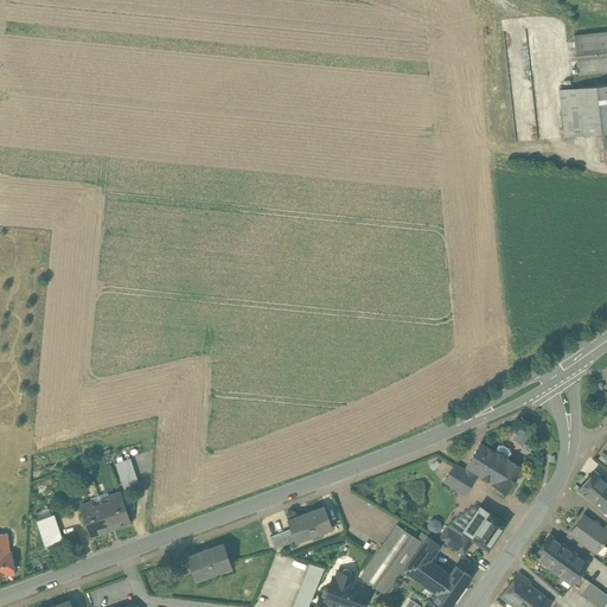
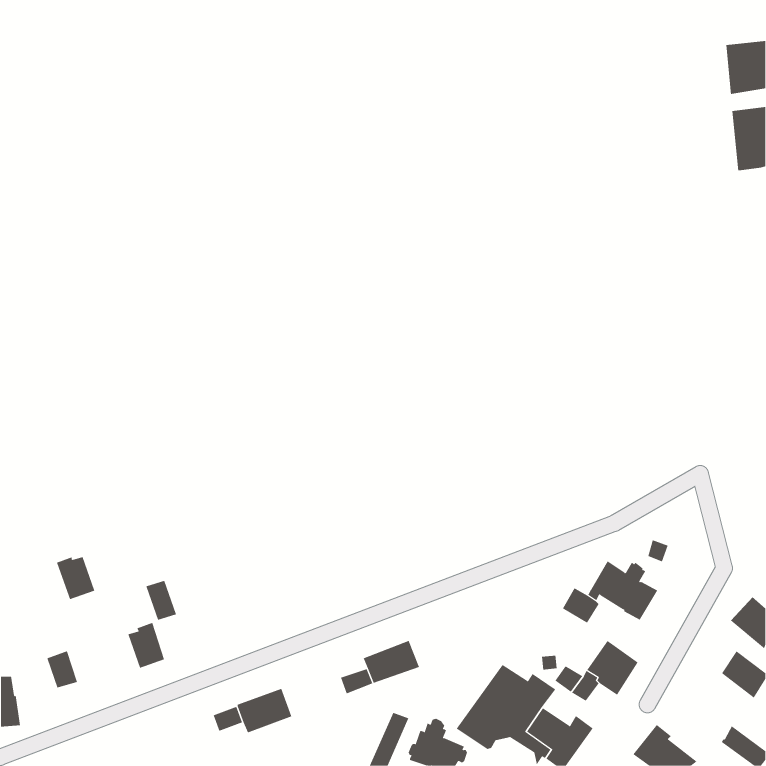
building: [560,88,583,138] -> none
building: [79,501,110,536] -> [56,556,95,600]
building: [533,535,587,584] -> none

